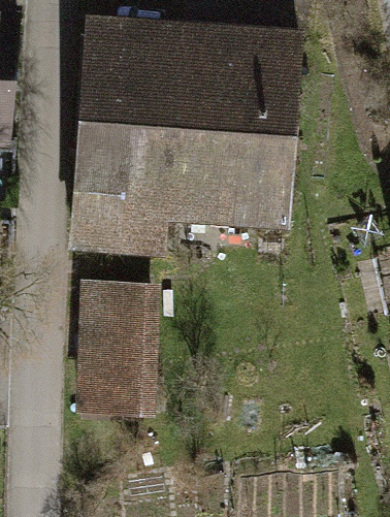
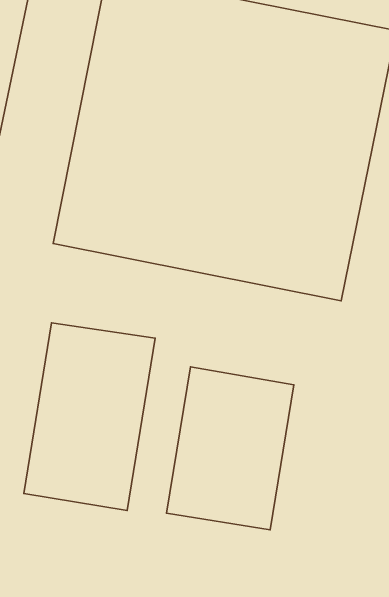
building: none -> [167,367,294,530]

